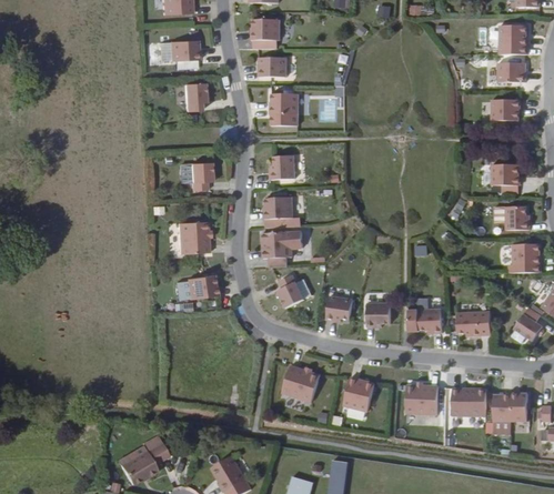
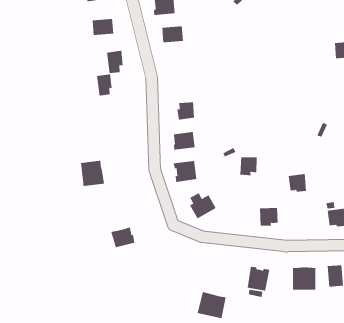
building: [272,92,301,125] -> none
building: [192,164,212,192] -> [96,74,113,96]
building: [180,222,210,254] -> [80,160,105,186]
building: [189,273,220,299] -> [110,227,135,248]
building: [328,296,353,322] -> [239,157,258,176]
building: [421,308,444,331] -> [288,173,307,192]
building: [282,365,322,403] -> [197,292,226,319]

